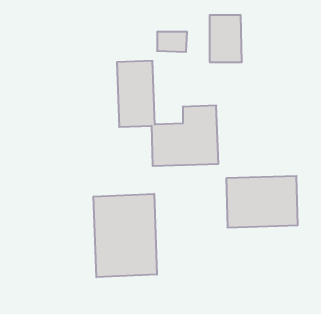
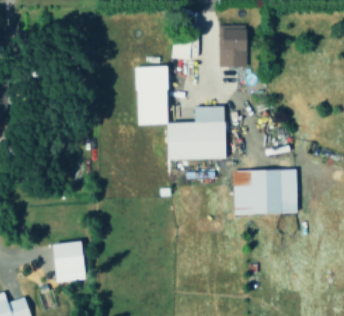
building: [94,194,157,277] -> none
building: none -> [53,241,87,282]

